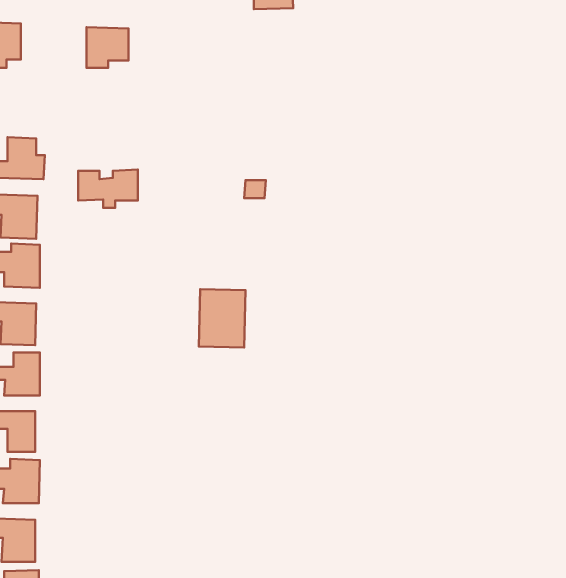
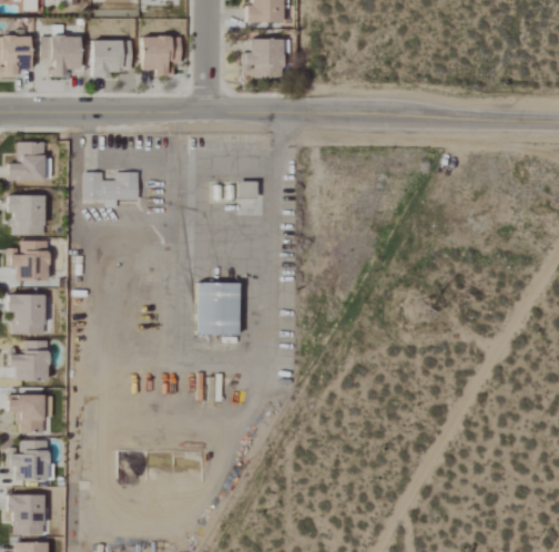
building: none -> [41,35,81,76]
building: none -> [142,35,182,76]
building: none -> [245,38,289,78]

